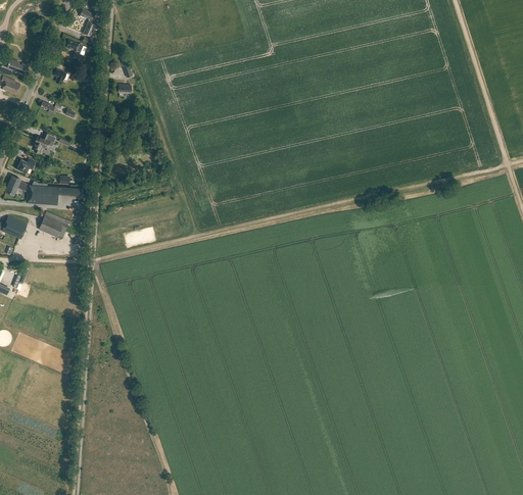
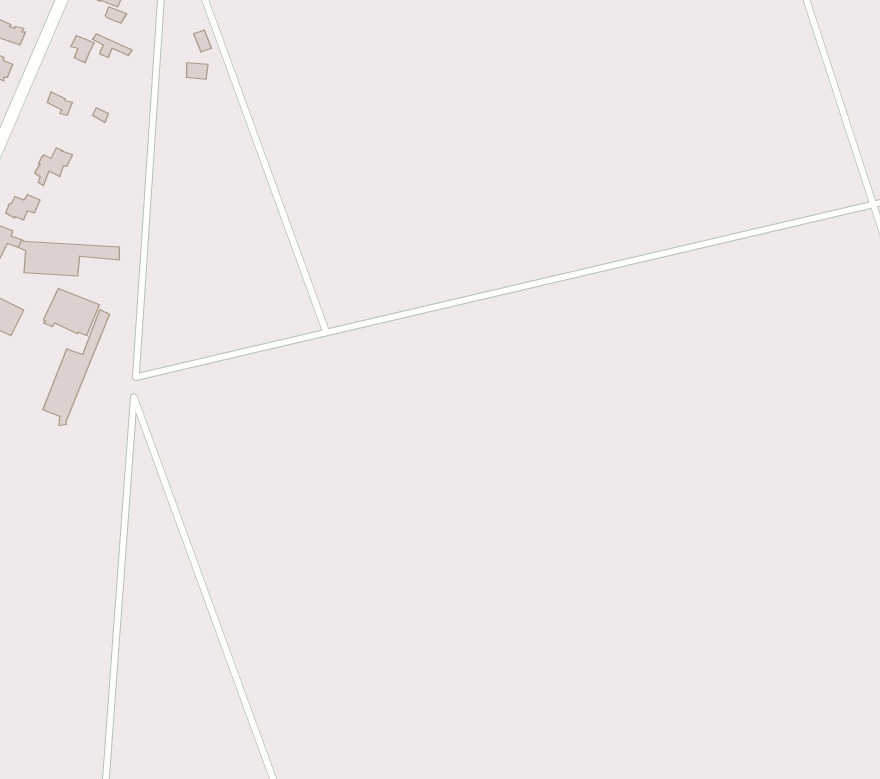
building: none -> [43,309,109,426]

